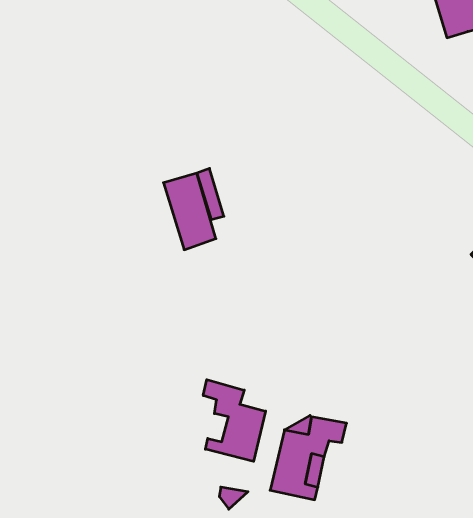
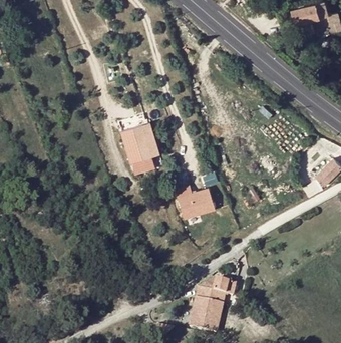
building: none -> [174,183,211,216]
building: [203,380,266,461] -> none

